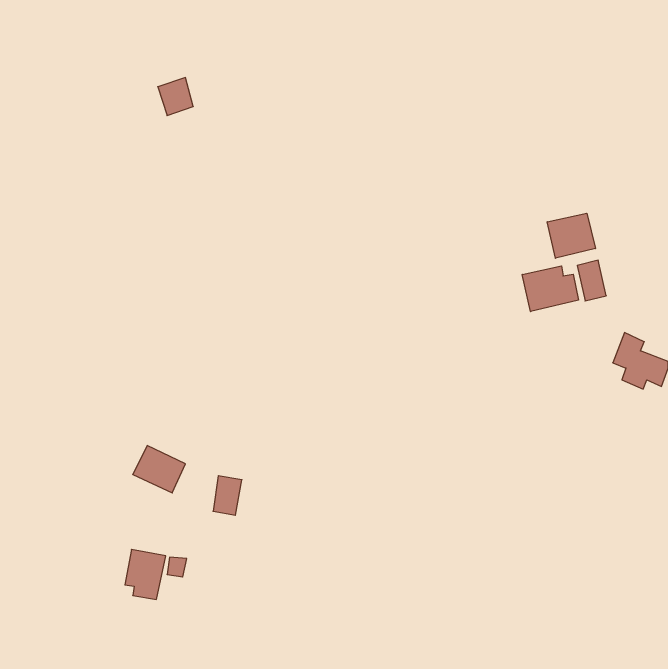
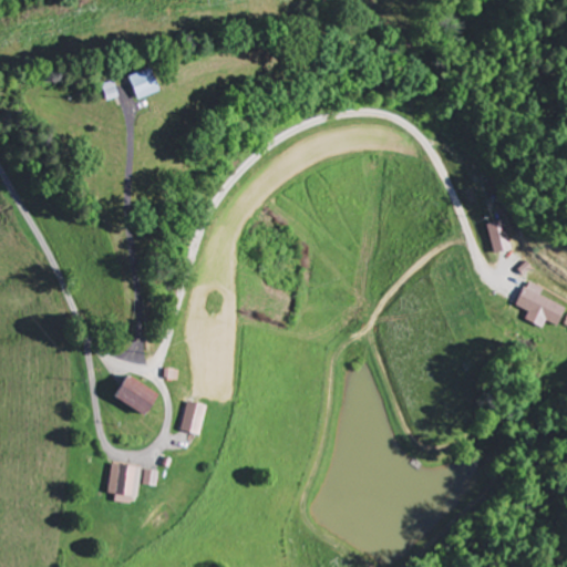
building: [547,213,595,258] -> none
building: [522,266,578,312] -> none

